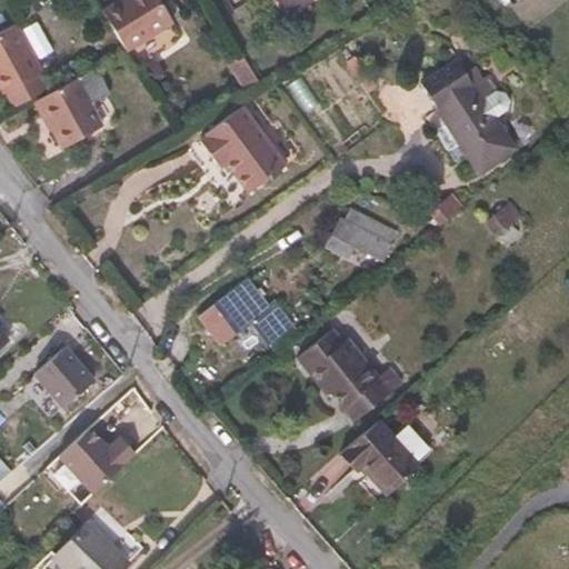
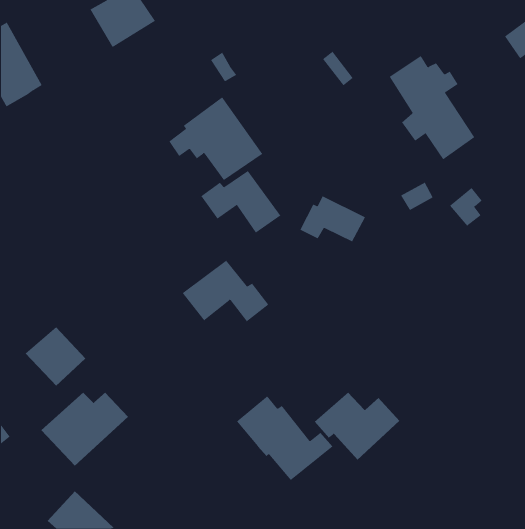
building: [37,78,102,149] -> none
building: none -> [200,170,281,233]
building: [299,328,402,419] -> [236,396,333,481]

